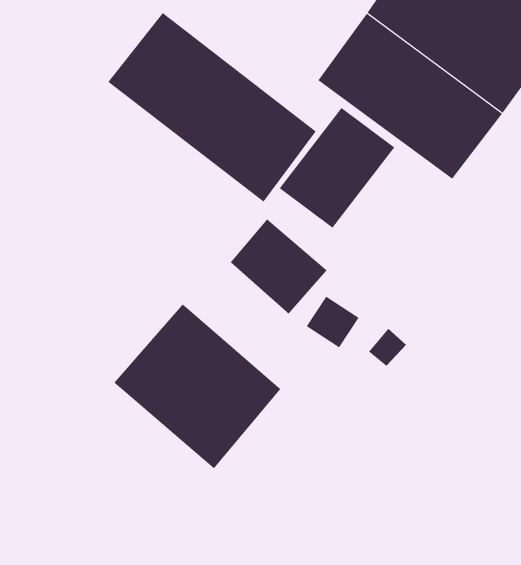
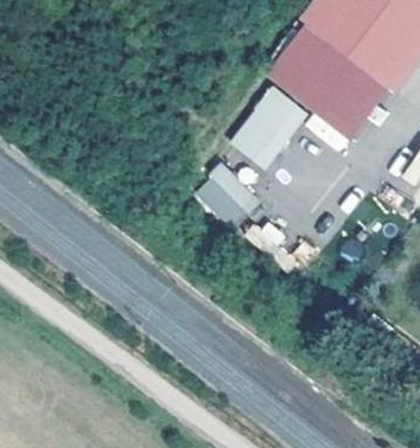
building: [107,12,316,203] -> none
building: [114,304,281,469] -> none

